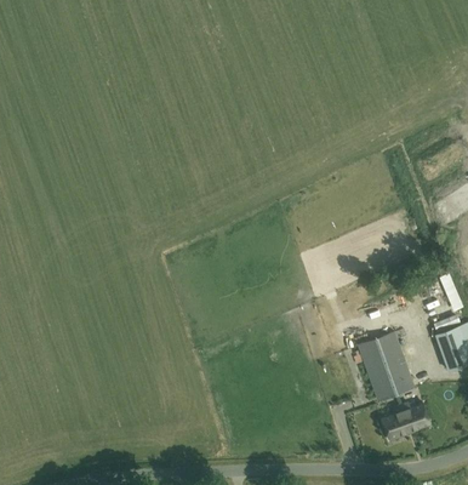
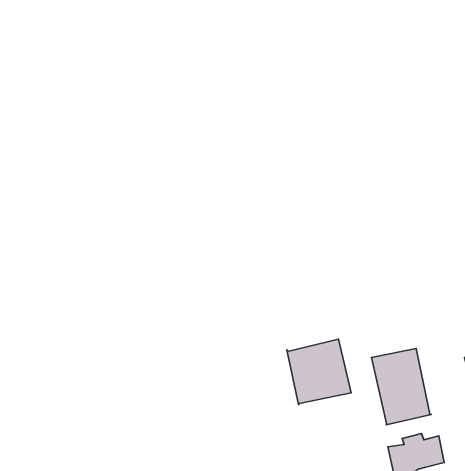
building: none -> [287,339,351,404]

